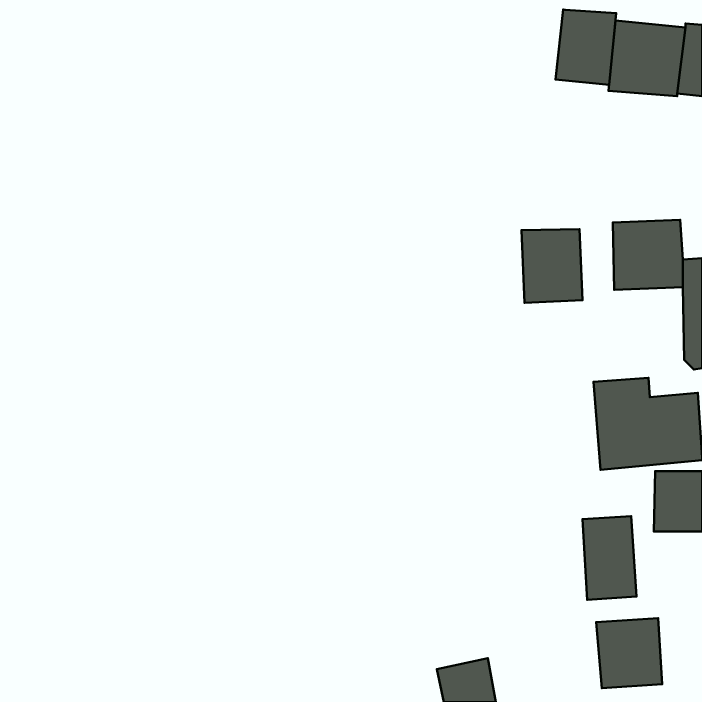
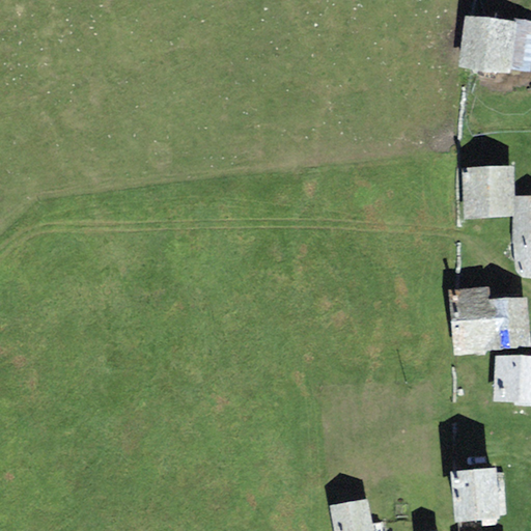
building: [555,9,616,85] -> none
building: [522,229,582,303] -> none
building: [583,516,637,600] -> none

